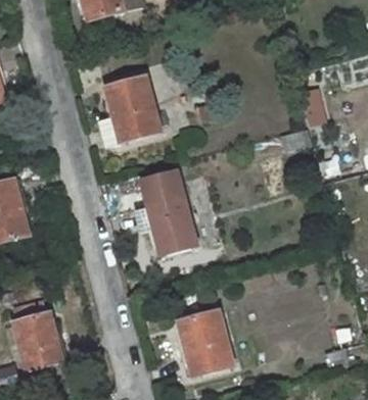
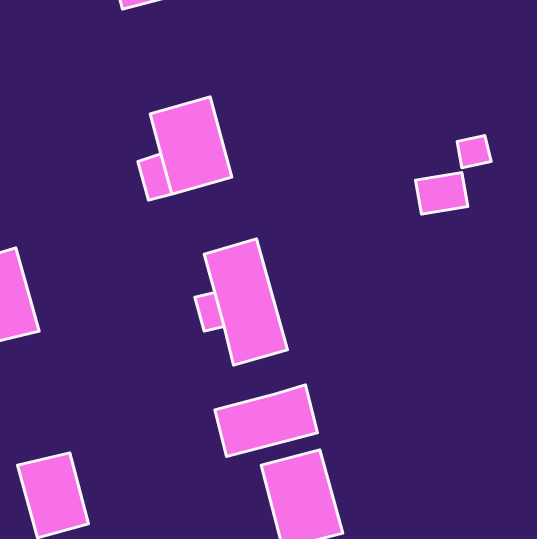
building: none -> [215,385,318,457]

